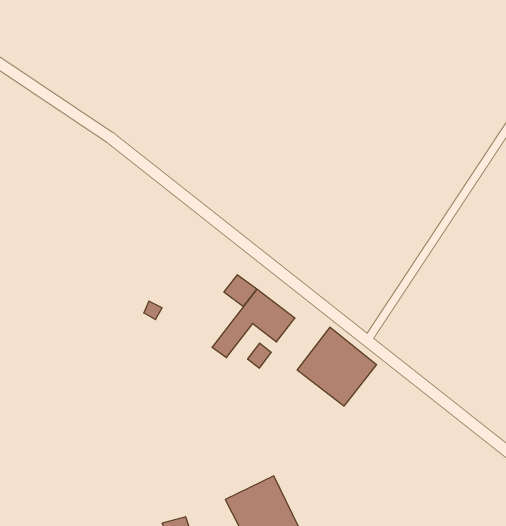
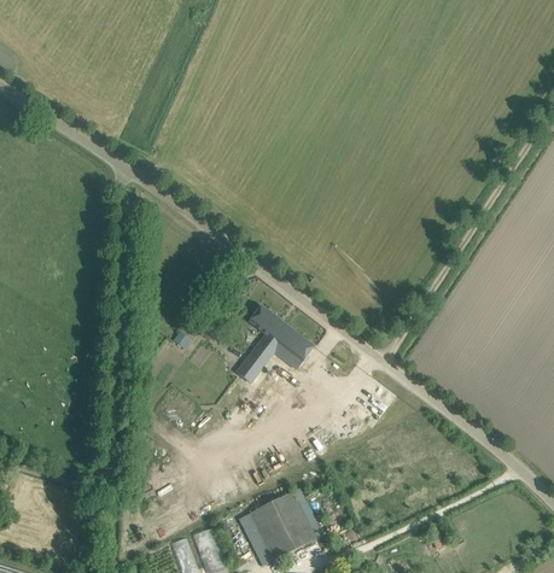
building: [297,327,376,406] -> none

